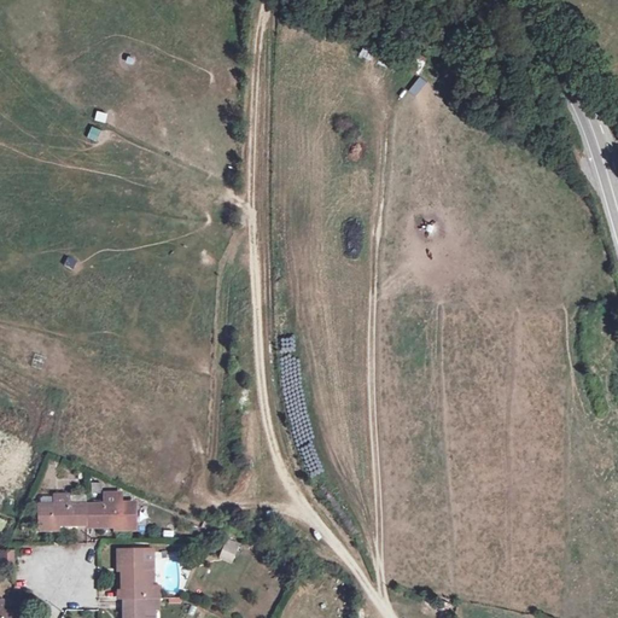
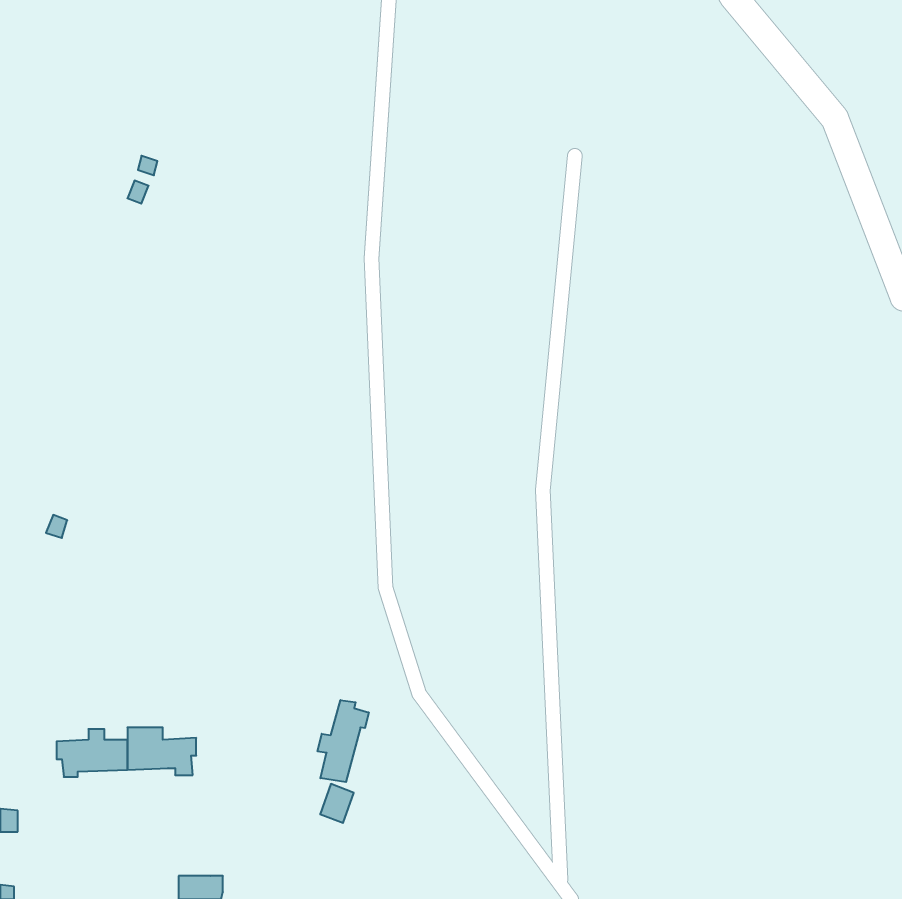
building: none -> [318,700,369,782]
building: [118,550,153,597] -> none

